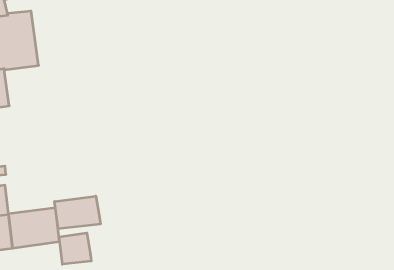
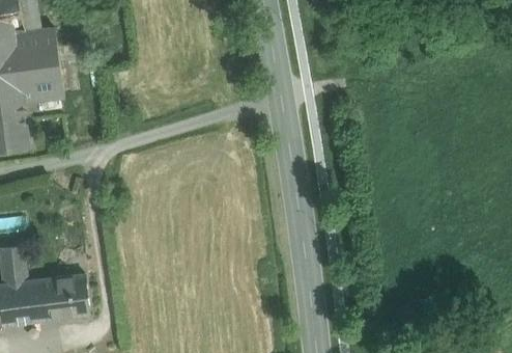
building: [55,196,100,229] -> none
building: [59,233,91,264] -> none

